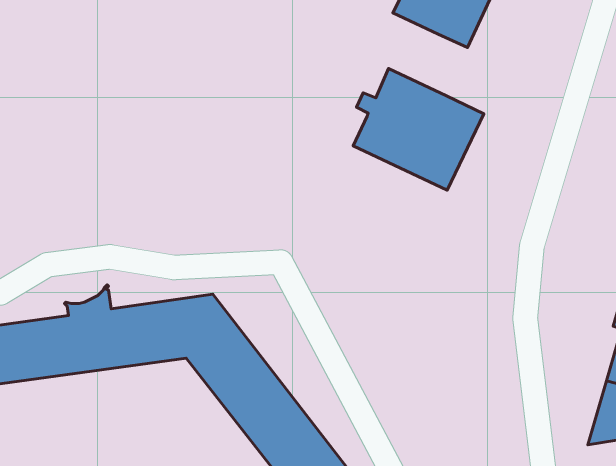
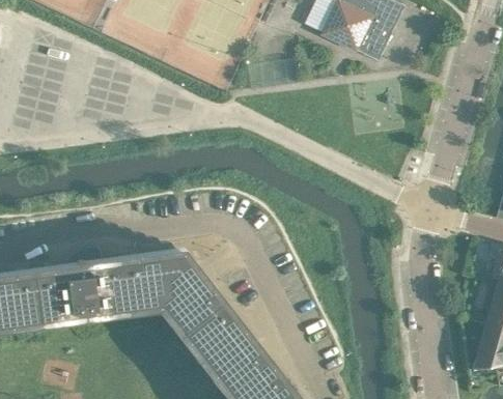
building: [353,69,484,190] -> none

